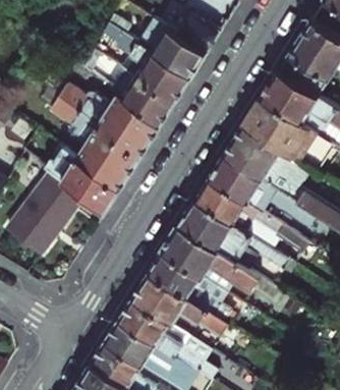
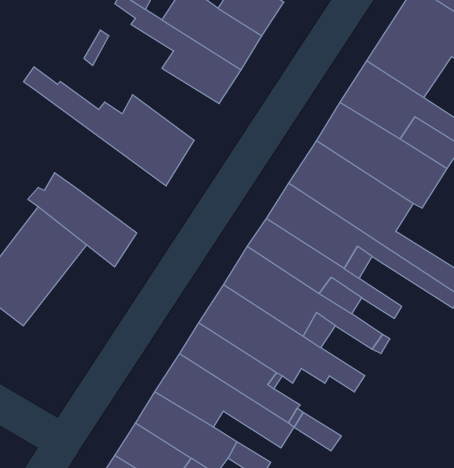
building: [110,68,176,125] -> none
building: [41,90,139,189] -> none

